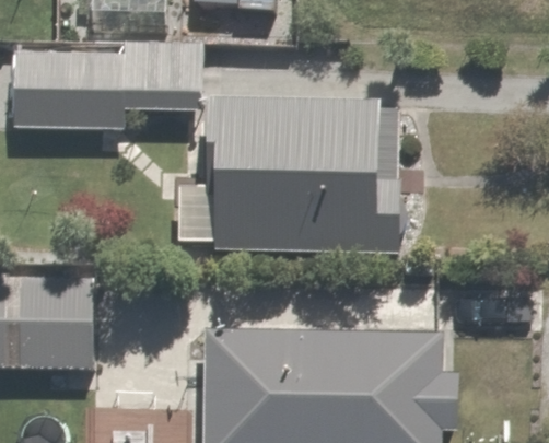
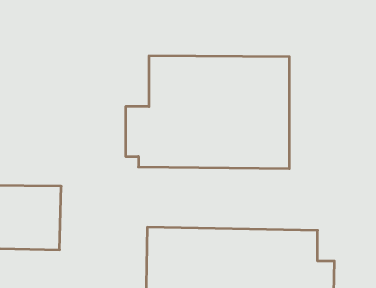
building: [15,47,207,128] -> none

